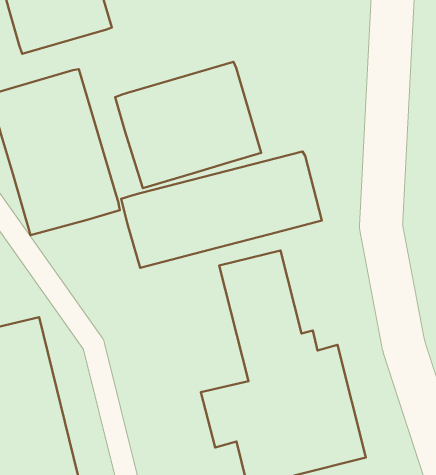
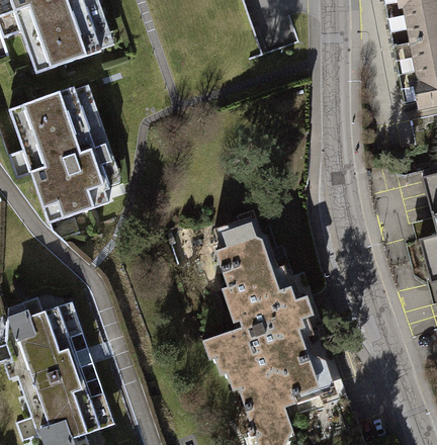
building: [115,62,261,188] -> none
building: [121,152,322,268] -> none

